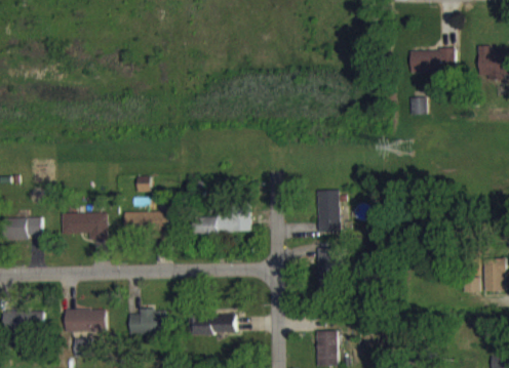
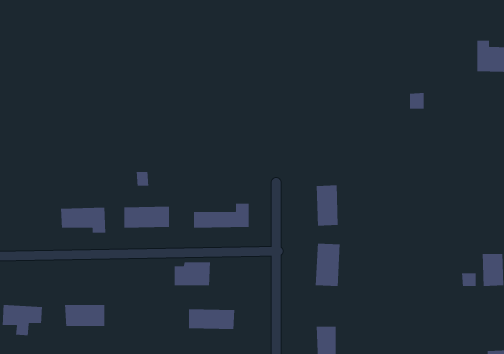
building: [408,48,456,79] -> none
building: [5,217,41,240] -> none
building: [129,310,166,334] -> [174,262,211,286]

